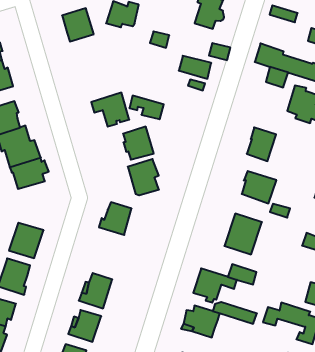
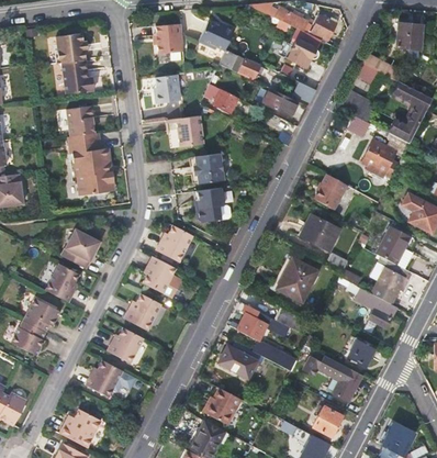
building: none -> [156,74,181,102]
building: [129,96,164,119] -> [203,85,238,113]
building: none -> [142,255,177,293]

